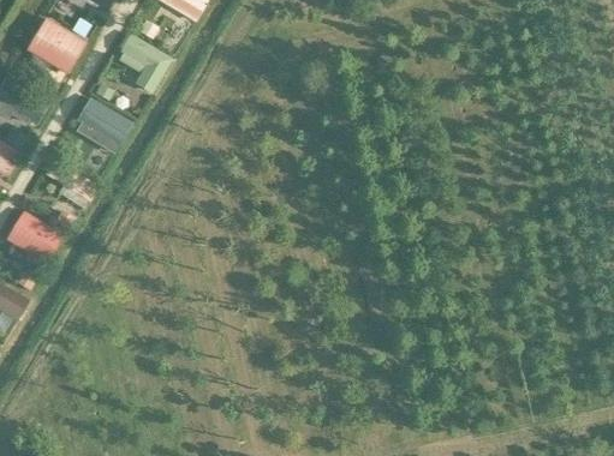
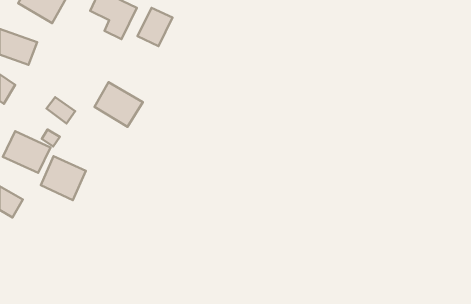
building: none -> [138,8,172,46]
building: [72,97,133,154] -> [94,82,143,127]
building: none -> [41,156,86,200]

